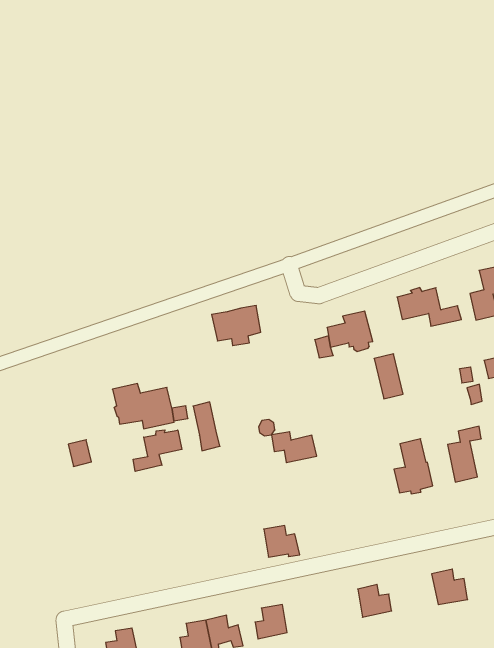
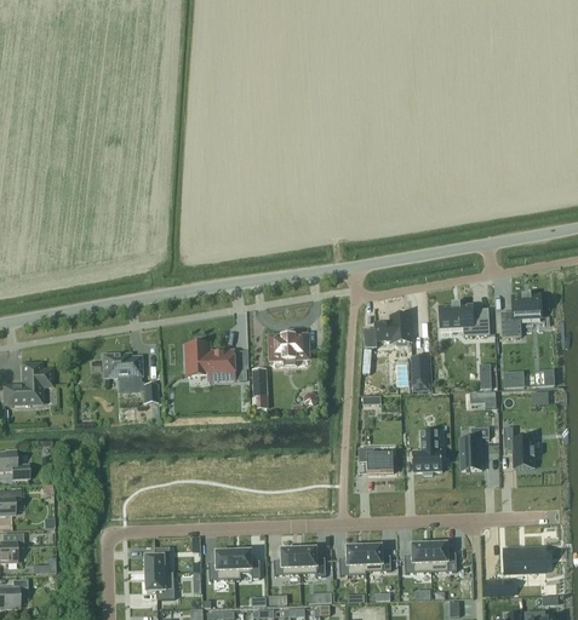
building: [212,306,261,346] -> [269,334,308,364]
building: none -> [103,354,141,391]
building: [133,430,182,471] -> none
building: [271,432,317,463] -> [359,447,394,472]
building: [264,526,300,557] -> [299,549,326,575]
building: none -> [405,544,430,572]
building: none -> [339,546,366,574]

